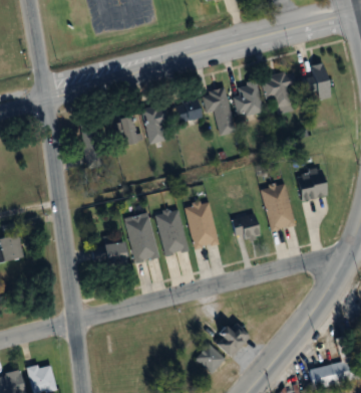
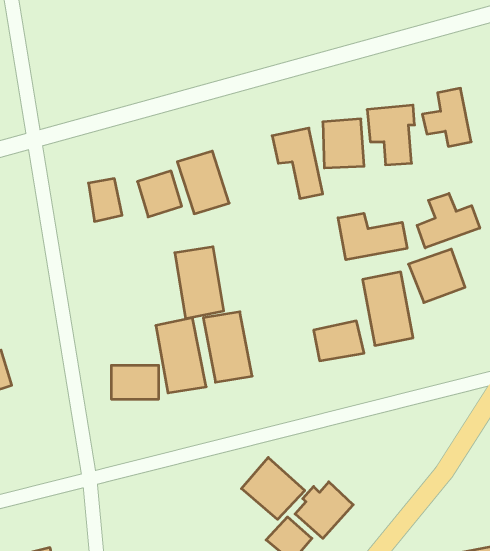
building: [170,95,201,123] -> none
building: none -> [417,193,480,248]
building: none -> [338,213,407,260]
building: [184,201,216,248] -> [175,247,224,319]
building: none -> [241,457,305,519]

